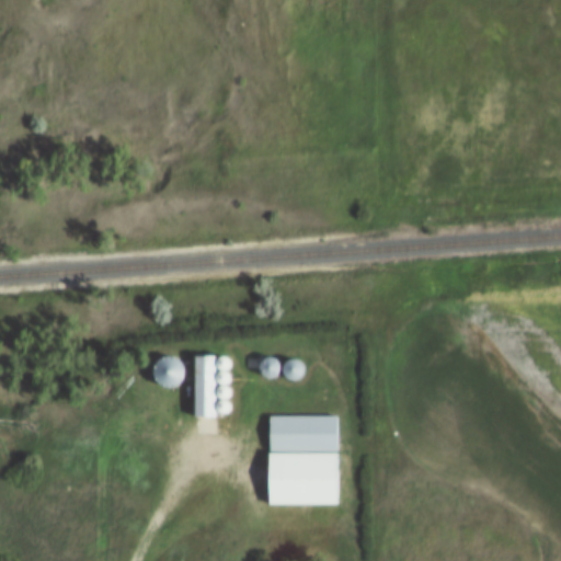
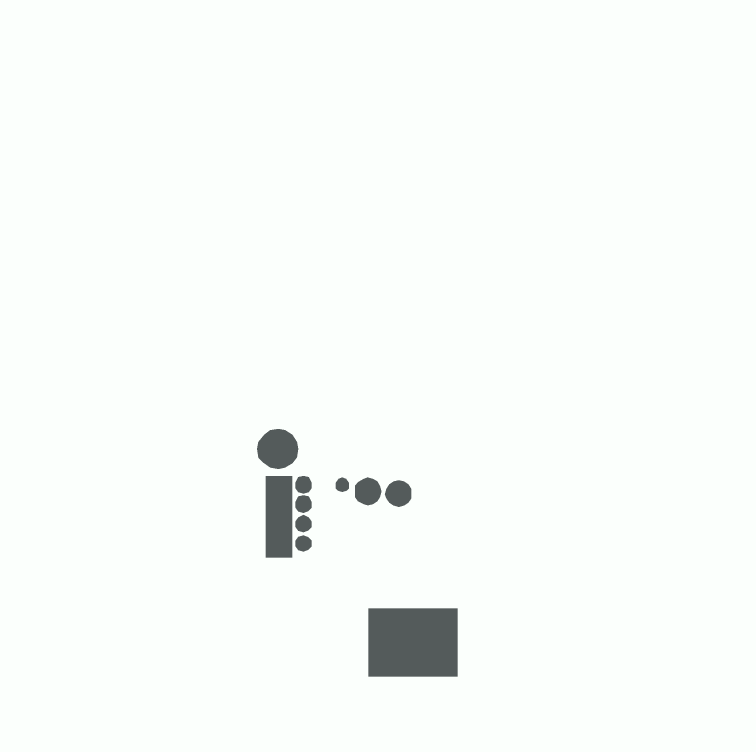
building: [153,357,185,388] -> [256,428,299,470]
building: [271,416,337,450] -> none

